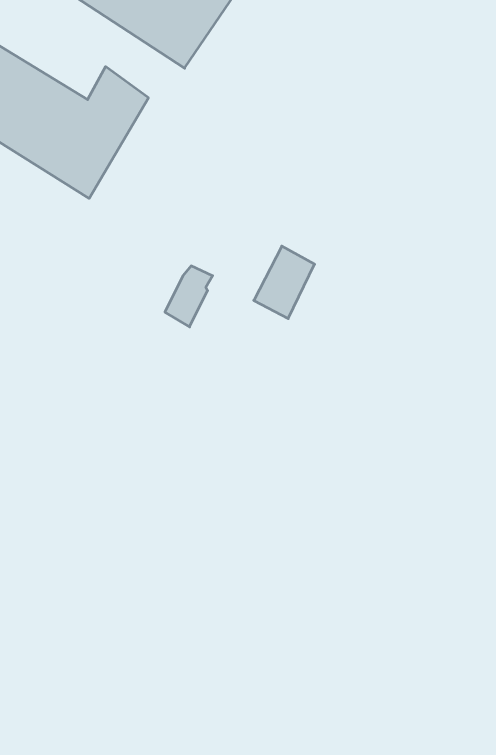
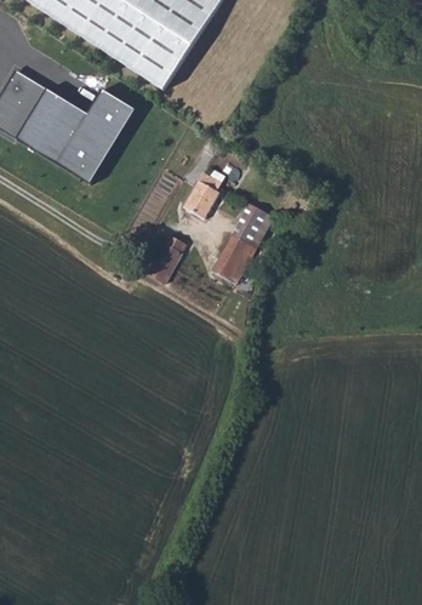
building: none -> [184,169,218,213]
building: none -> [234,200,270,234]

